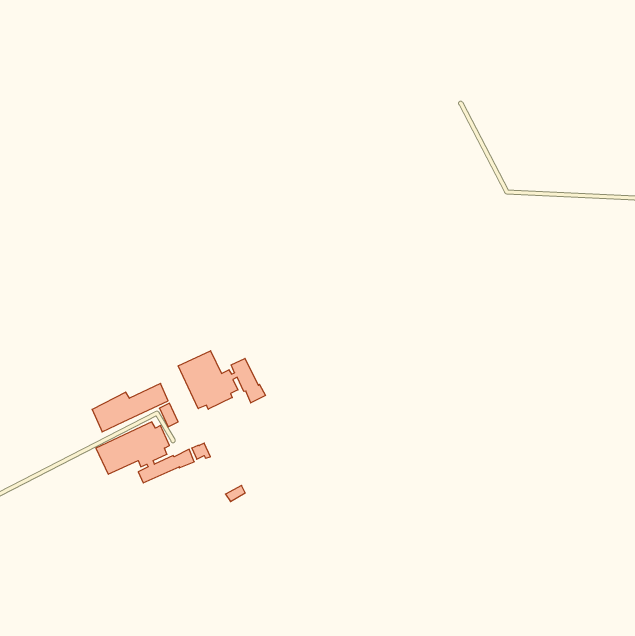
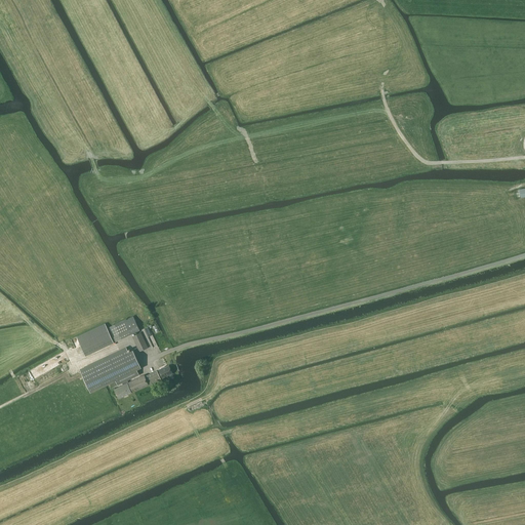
building: [178,351,265,409] -> none

